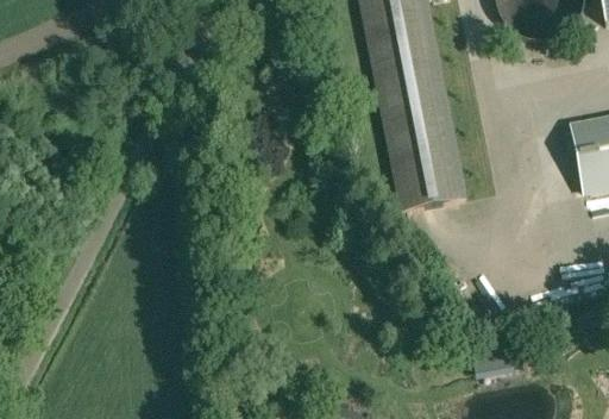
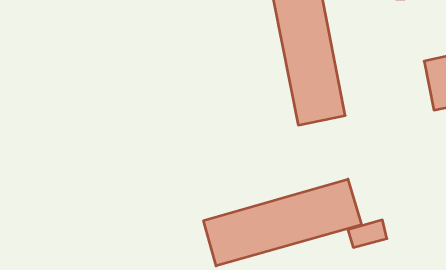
building: none -> [204,179,361,266]

